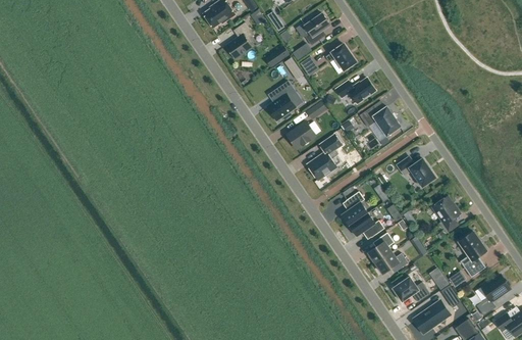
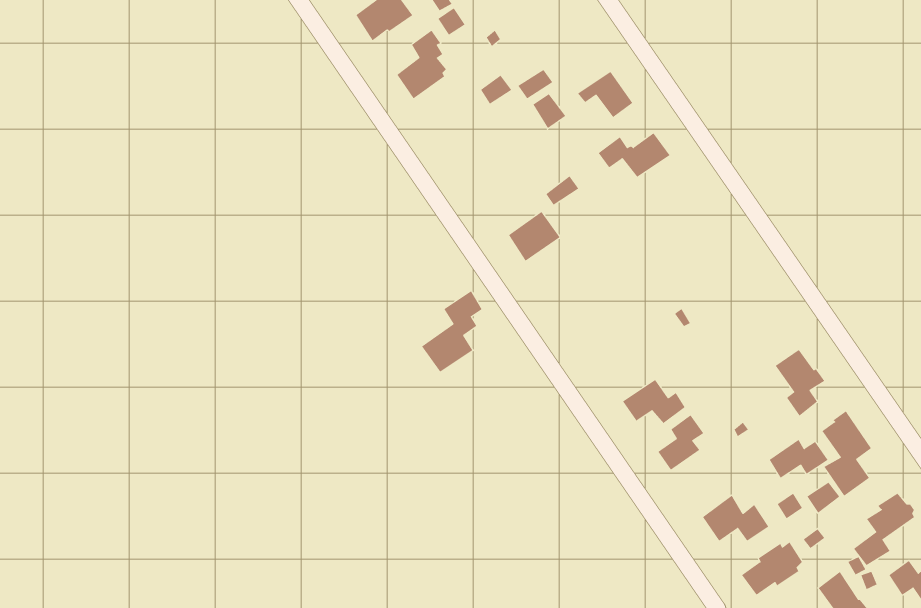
building: [304,12,329,45] -> none
building: [267,93,295,119] -> none
building: [359,105,400,136] -> none
building: [307,134,341,179] -> [421,290,483,373]
building: [397,156,435,186] -> none
building: [341,191,367,225] -> none
building: [375,251,408,273] -> [769,439,829,478]

